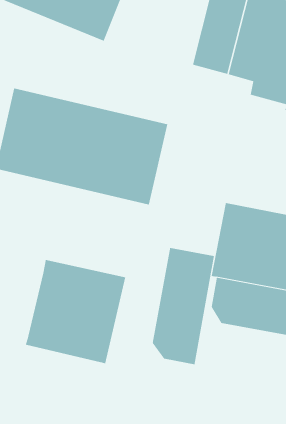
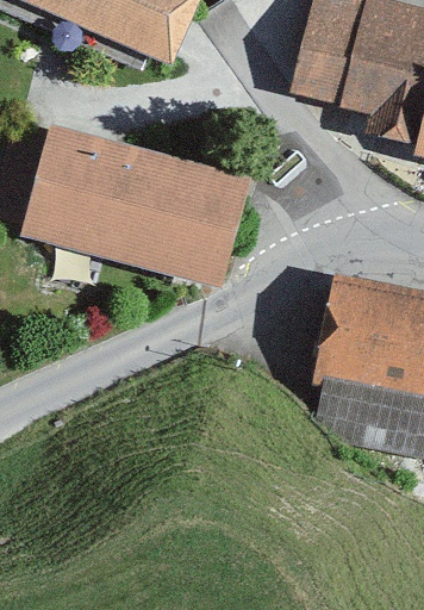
building: [152,247,215,365] -> none
building: [25,259,126,364] -> none

